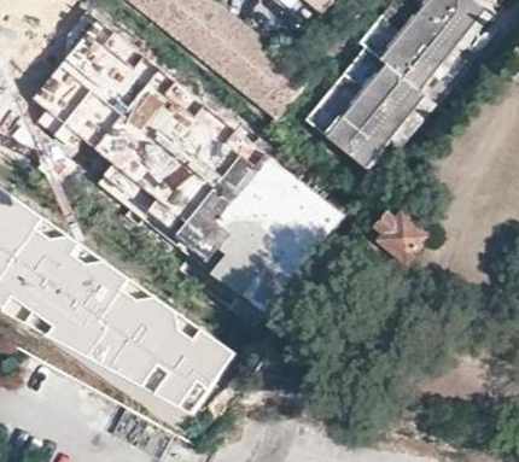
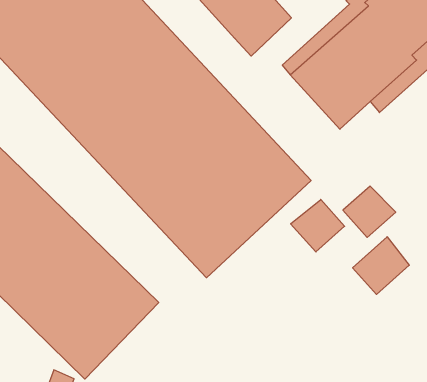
building: none -> [291,199,345,252]
building: none -> [353,237,409,294]

